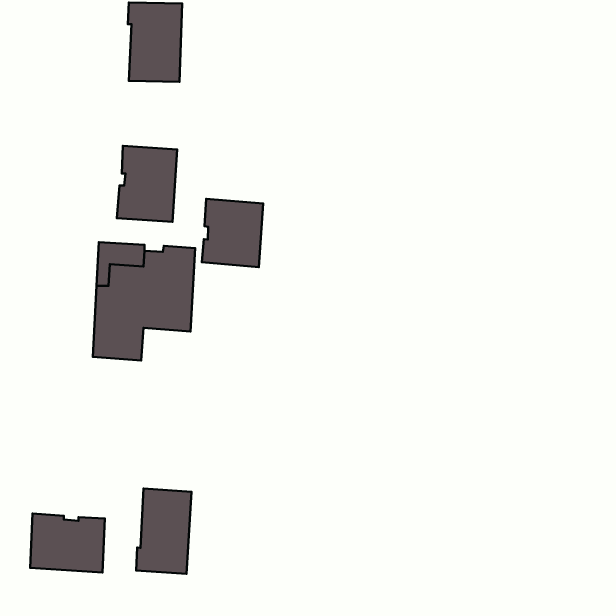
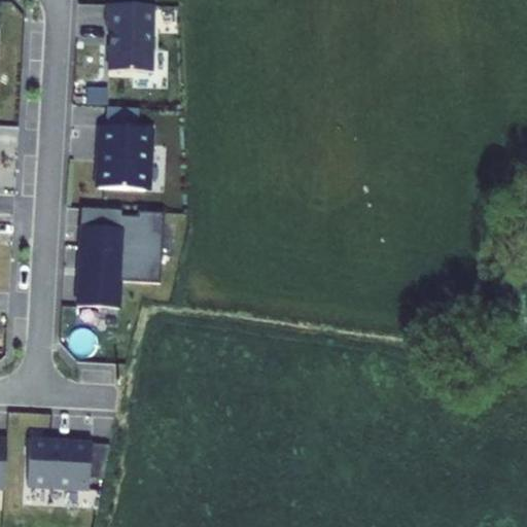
building: [202,199,263,267] -> none
building: [136,489,191,574] -> none

